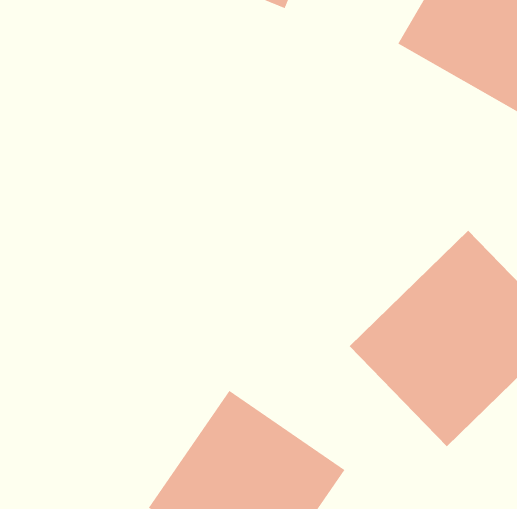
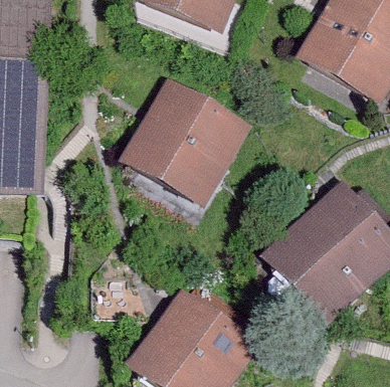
building: none -> [120,77,247,205]

